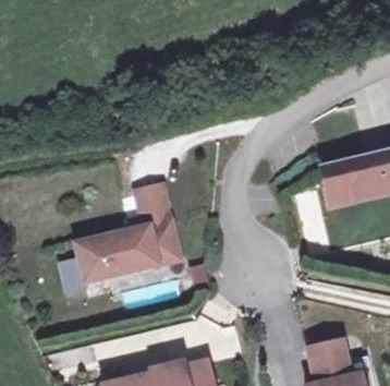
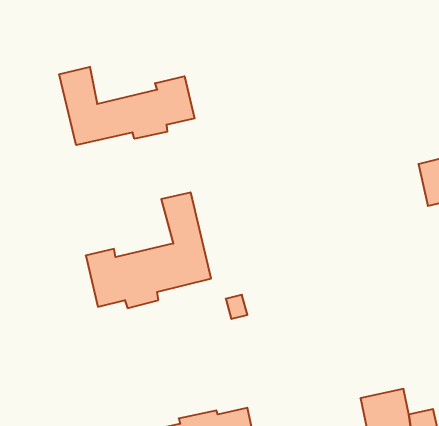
building: none -> [59,67,195,145]
building: [320,161,354,202] -> none

